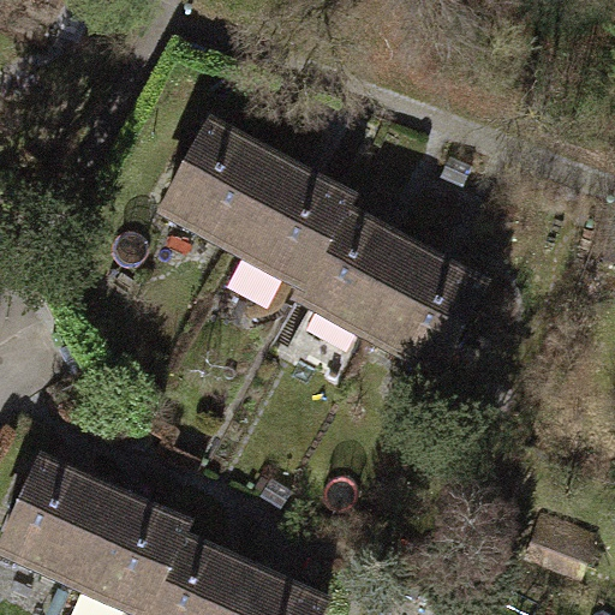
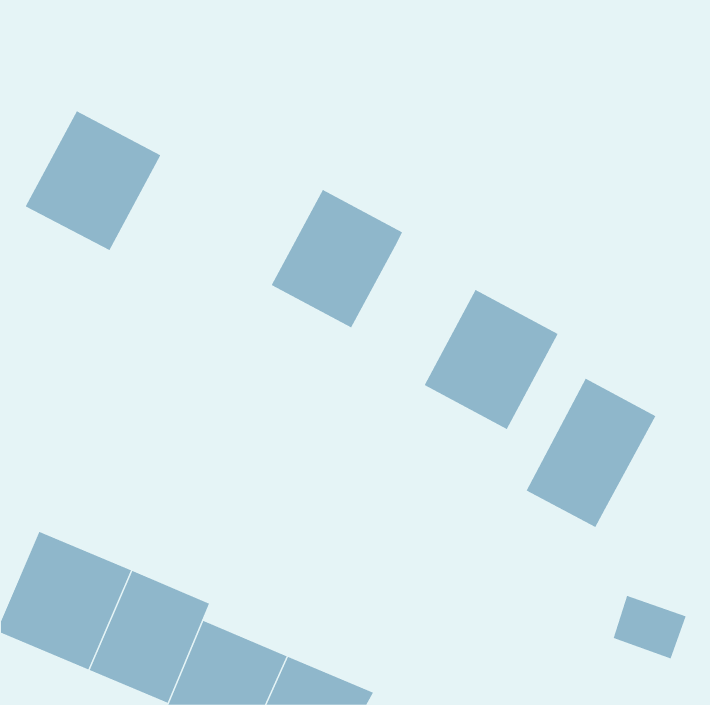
building: [161,125,279,246] -> [25,111,161,251]
building: [298,213,411,333] -> none
building: none -> [526,378,656,528]

